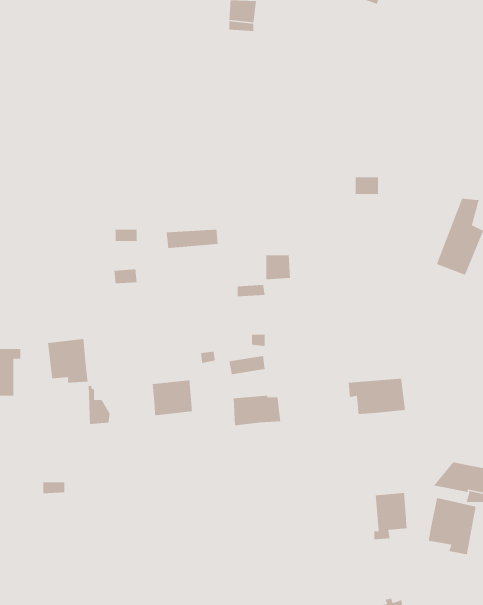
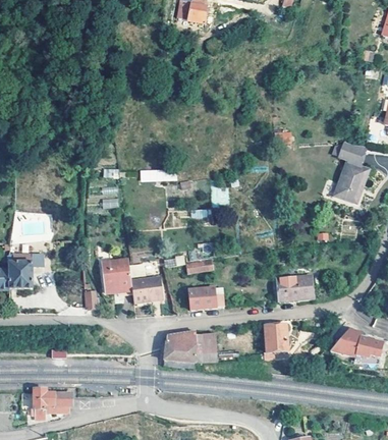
building: [47,338,88,384] -> [102,258,131,290]
building: none -> [163,330,215,363]
building: [374,492,408,540] -> [263,324,287,359]
building: [428,497,476,555] -> none
building: none -> [33,388,73,420]

